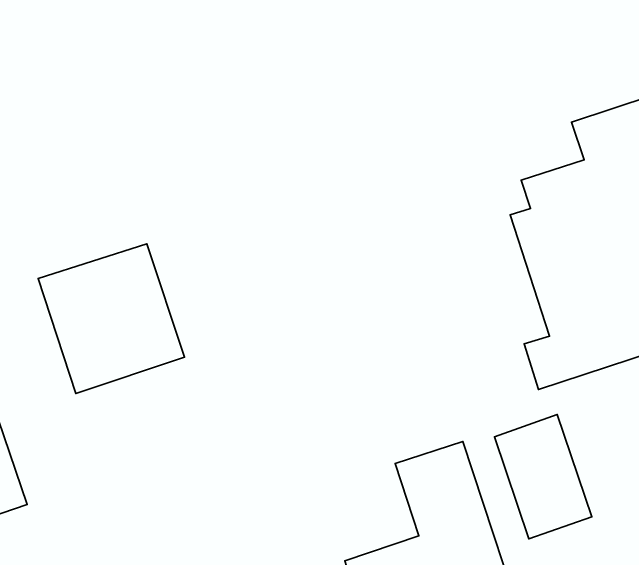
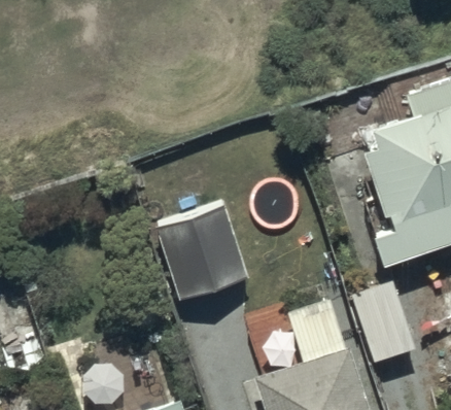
building: [38,244,184,393] -> [157,206,252,304]

